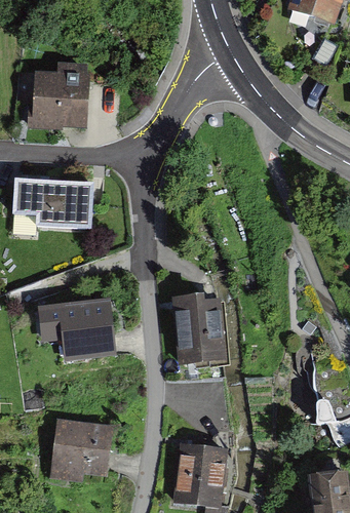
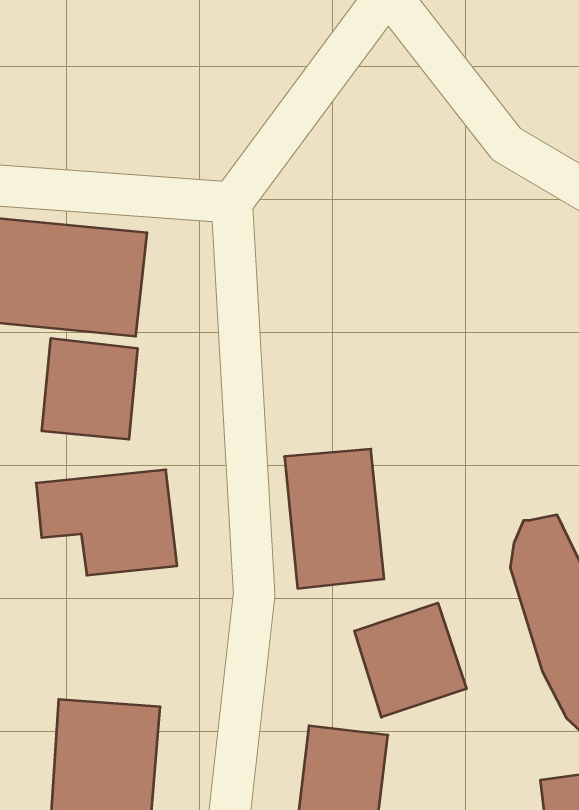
building: [33,65,92,131] -> none
building: none -> [42,338,137,439]
building: none -> [354,603,466,717]

